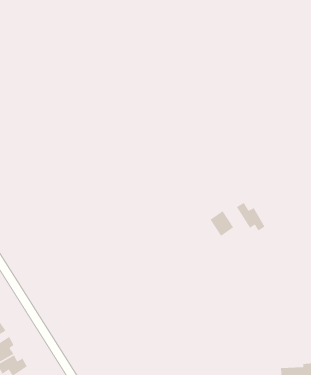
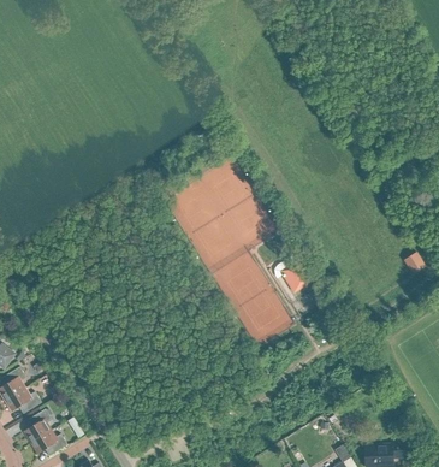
building: [236,202,266,232] -> none

